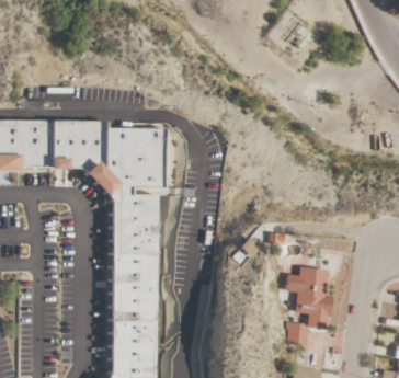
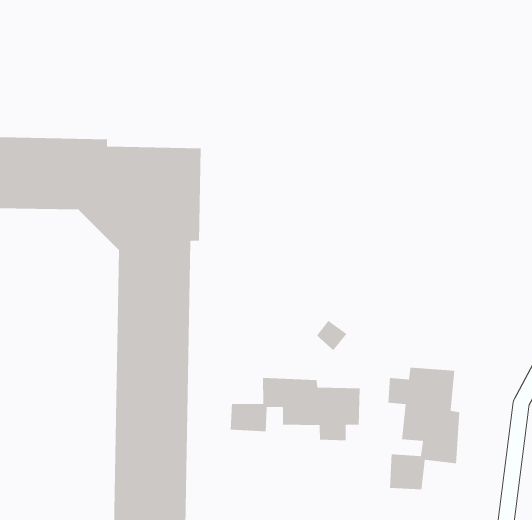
building: none -> [230,377,360,441]

